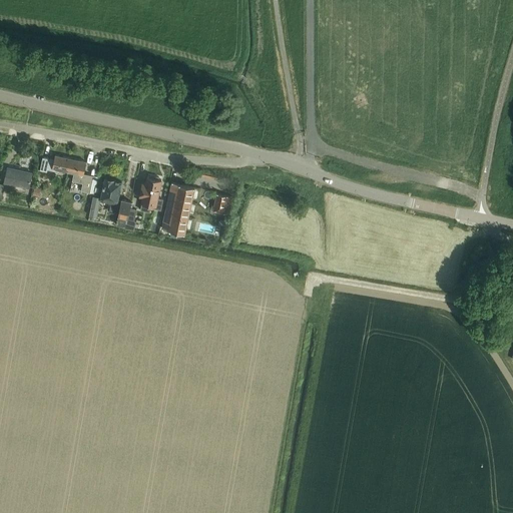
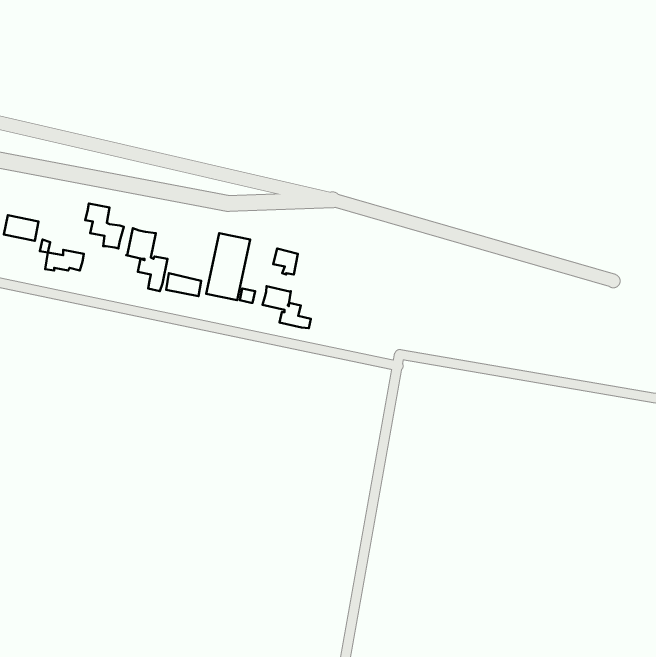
building: [39,156,69,172] -> [45,250,84,271]
building: [137,177,161,212] -> none
building: none -> [262,286,311,328]

